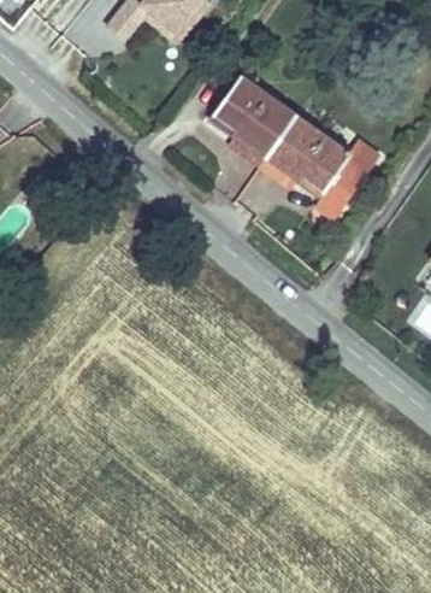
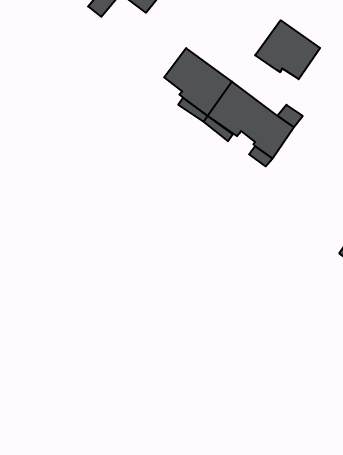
building: none -> [255,20,320,79]

